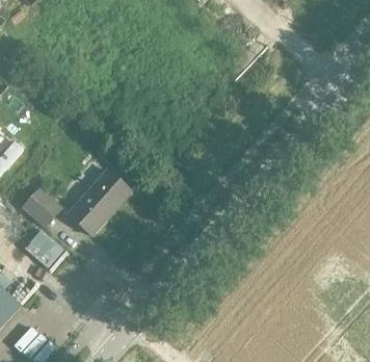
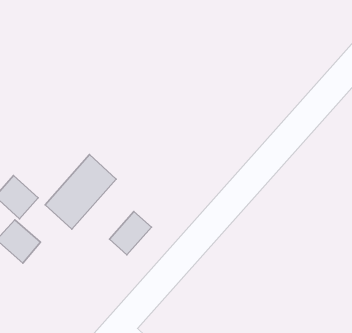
building: none -> [109,211,151,255]

